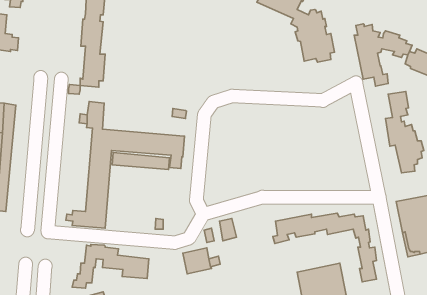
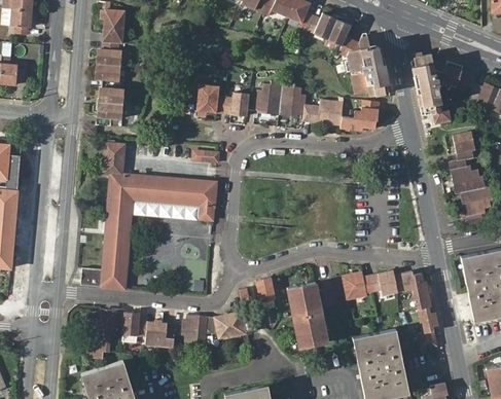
building: none -> [198,81,381,132]
building: none -> [281,283,328,351]
building: none -> [181,315,207,349]

